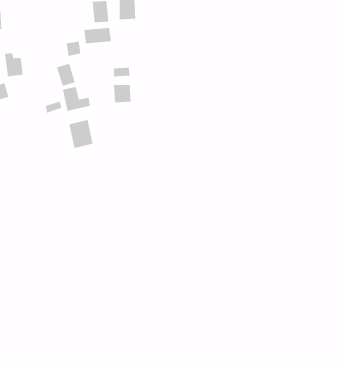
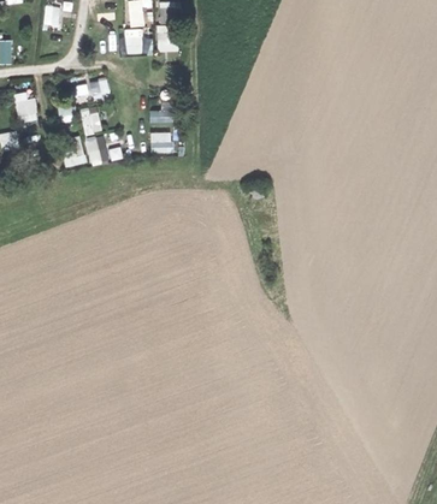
building: [84,27,111,44] -> none
building: [69,119,93,149] -> none

